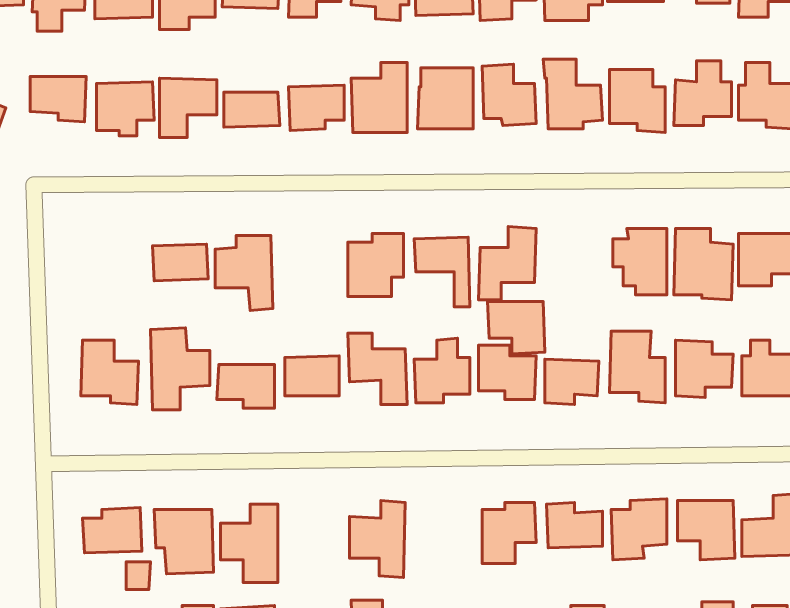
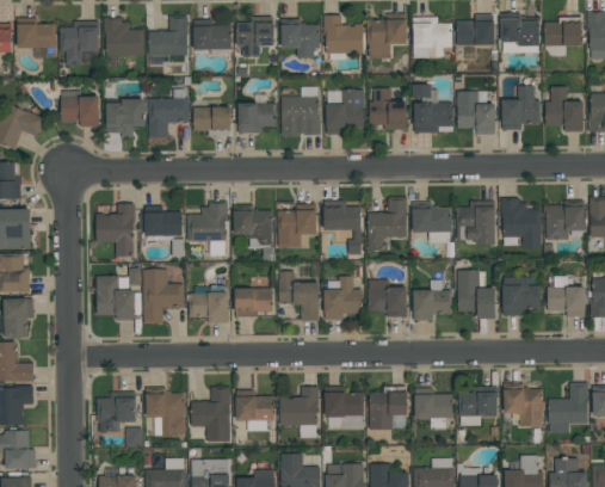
building: none -> [95,204,134,258]
building: none -> [233,211,272,248]
building: [487,301,545,354] -> [412,208,451,244]
building: none -> [326,392,364,430]
building: none -> [236,394,273,421]

